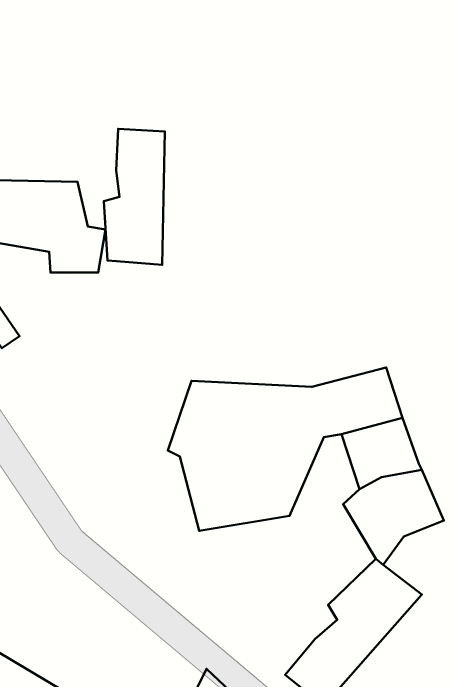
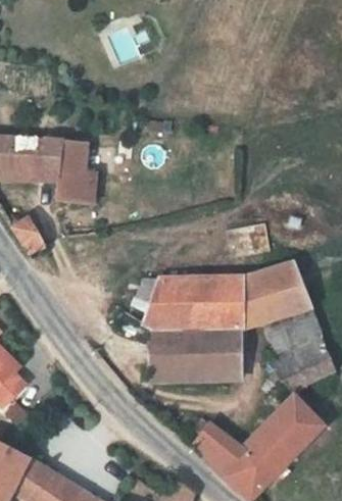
building: [104,129,165,265] -> none
building: none -> [203,433,247,477]

